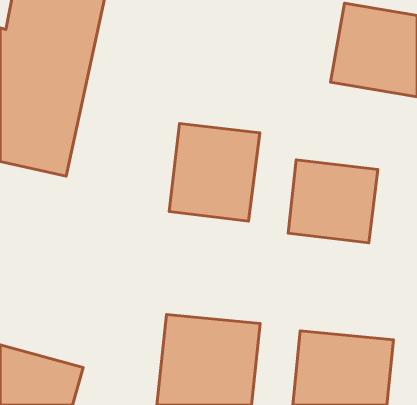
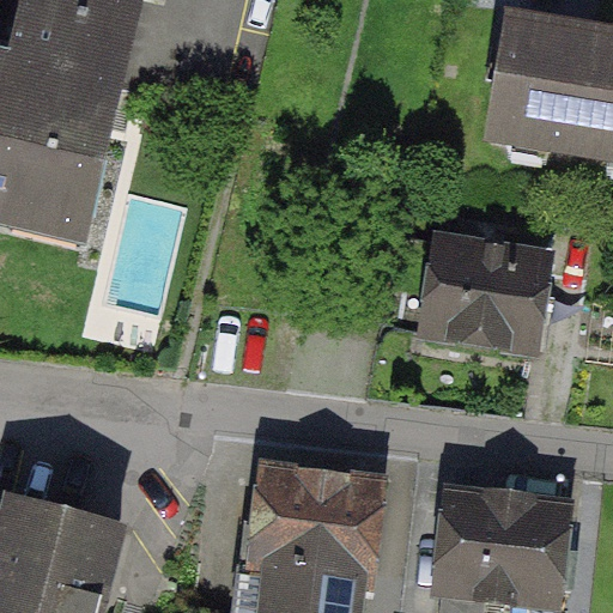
building: [169,123,260,221] -> none

